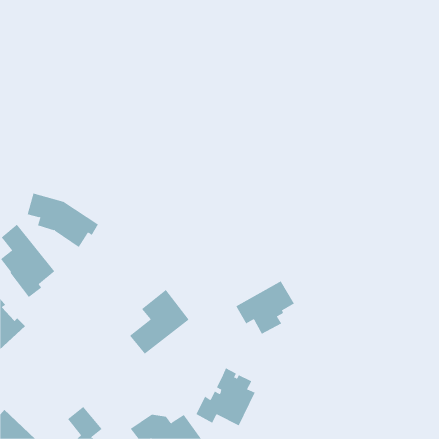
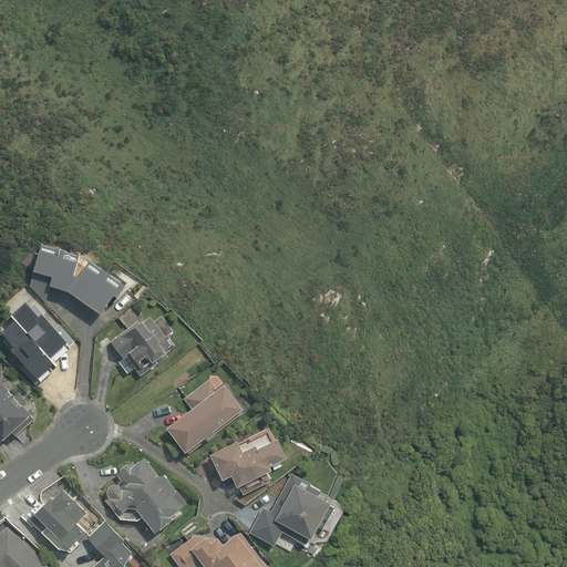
building: none -> [112,312,171,369]
building: [236,280,295,335] -> [208,429,285,498]
building: none -> [104,458,187,536]
building: none -> [24,492,87,558]

